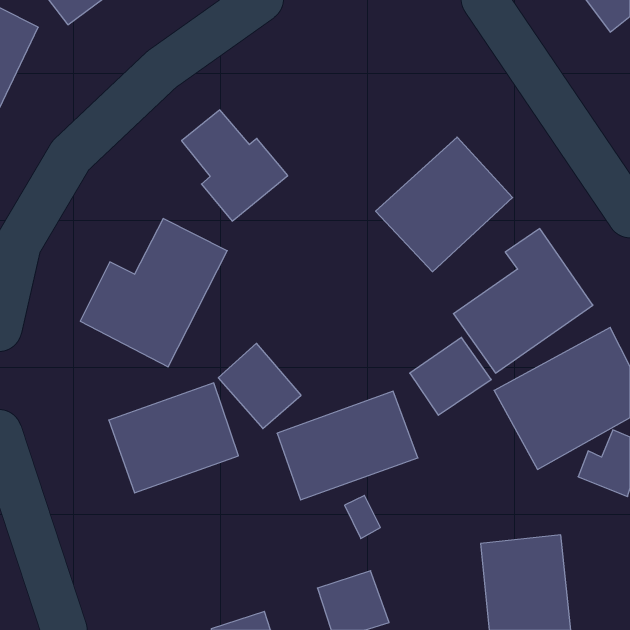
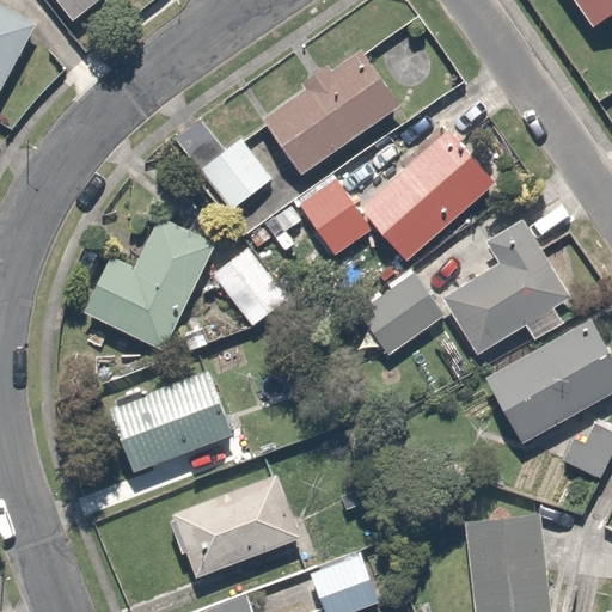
building: none -> [264,54,399,173]
building: none -> [293,175,372,256]
building: [410,337,491,415] -> [362,275,441,350]
building: [218,343,301,429] -> [213,245,293,328]
building: [277,391,418,500] -> [165,476,301,581]

